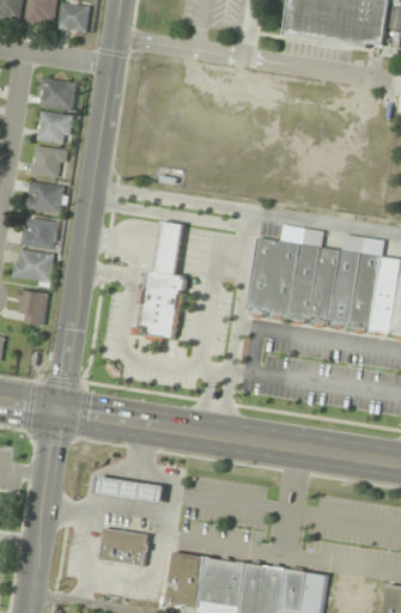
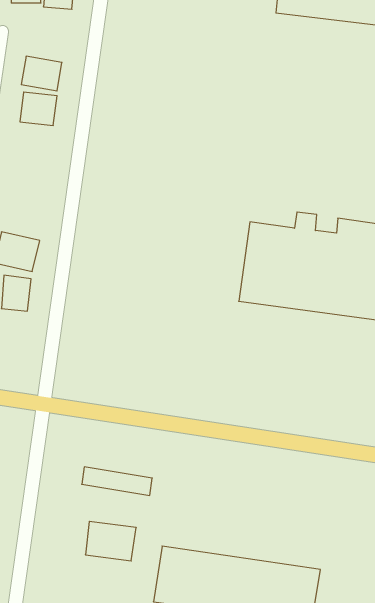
building: [32,147,66,177] -> none
building: [26,181,66,214] -> none
building: [23,219,55,247] -> none
building: [138,220,184,340] -> none

